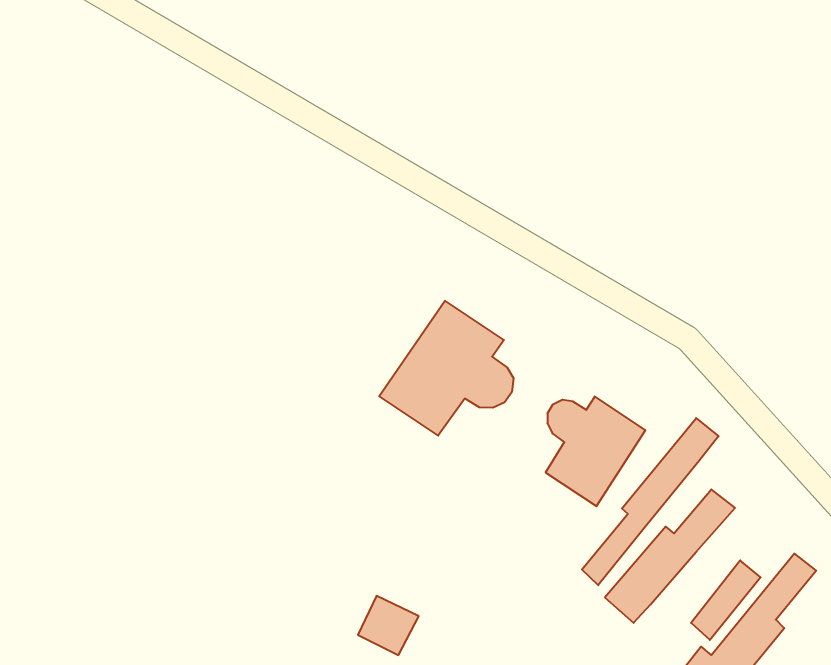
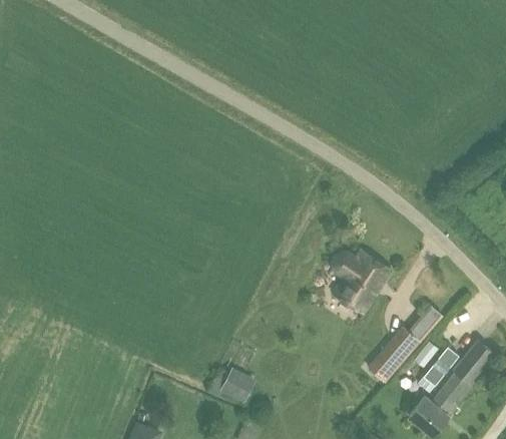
building: [379,301,513,436] -> none
building: [582,418,719,585] -> none

